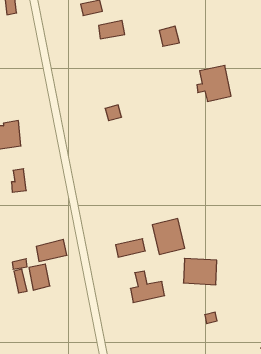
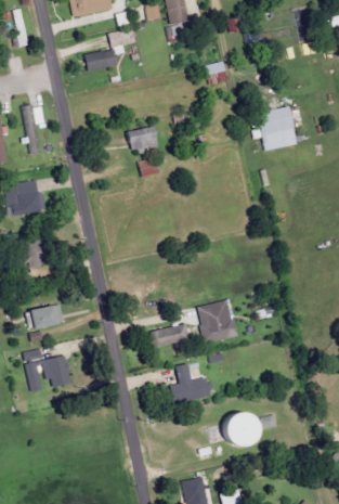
building: [99,20,125,39] -> [84,48,117,70]
building: none -> [22,103,44,154]
building: none -> [127,125,159,150]
building: [36,239,67,261] -> [27,301,65,328]
building: [183,258,217,285] -> [218,412,259,444]

